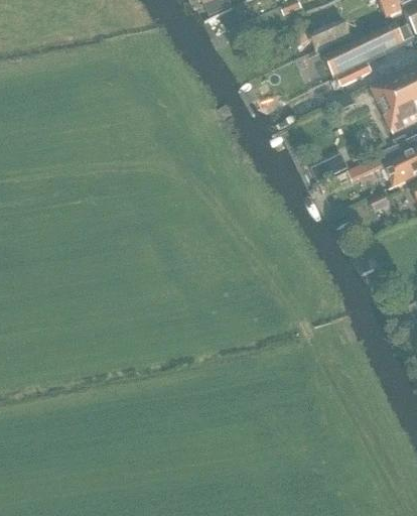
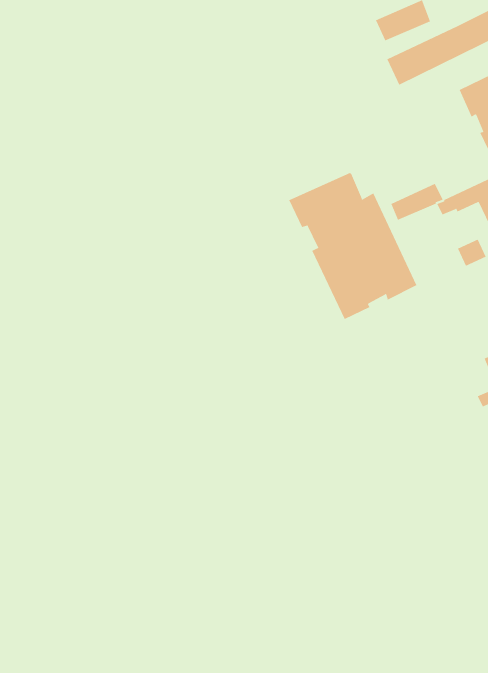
building: none -> [289,172,417,320]

